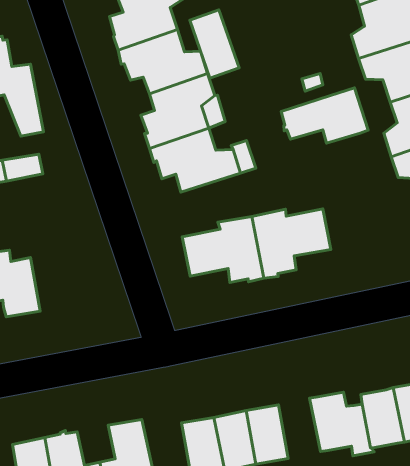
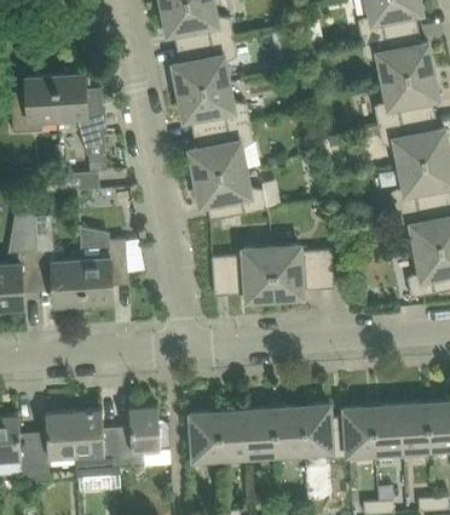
building: [190,10,239,78] -> none
building: [281,88,368,143] -> none
building: none -> [79,225,128,307]
building: none -> [273,406,304,454]

